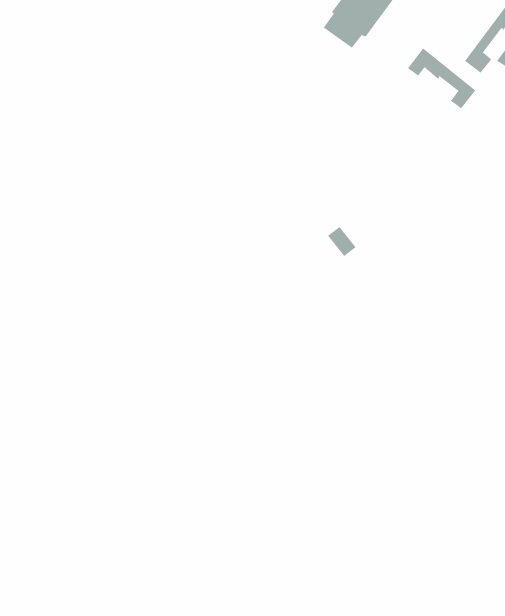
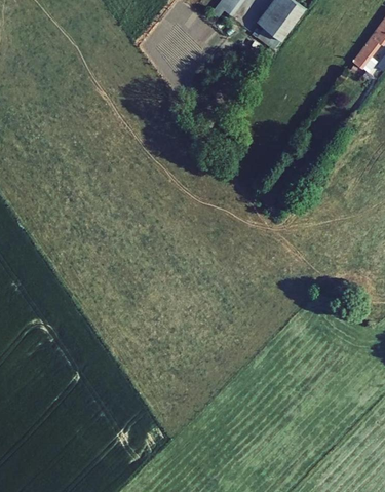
building: [407,48,476,109] -> none

